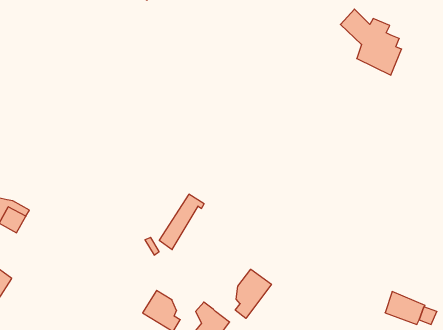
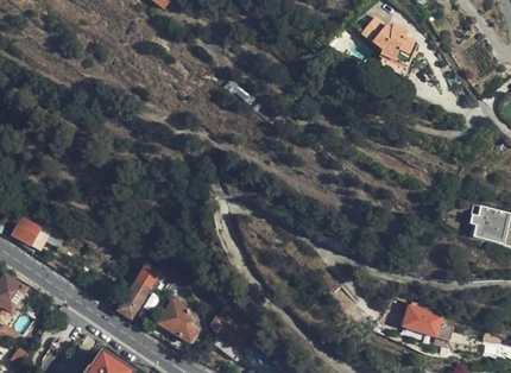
building: [159,194,204,250] -> [118,263,163,318]
building: [235,269,271,318] -> none

